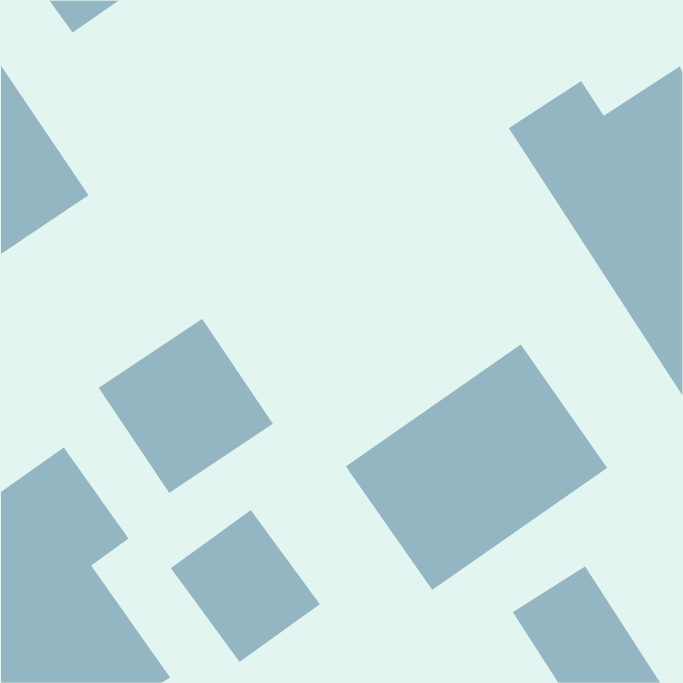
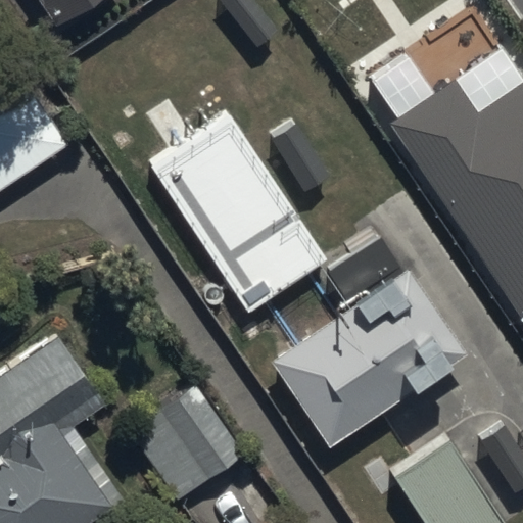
building: none -> [151,111,325,307]
building: [98,318,274,494] -> none

